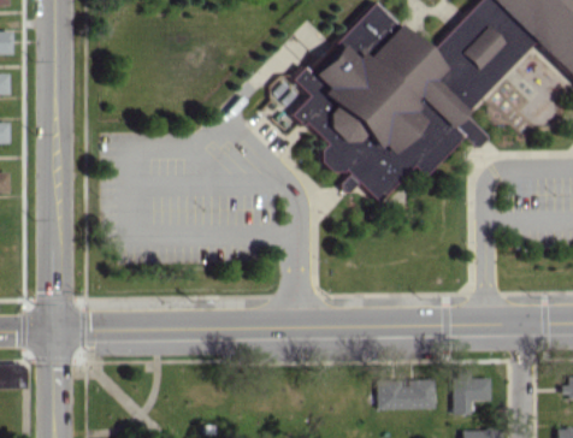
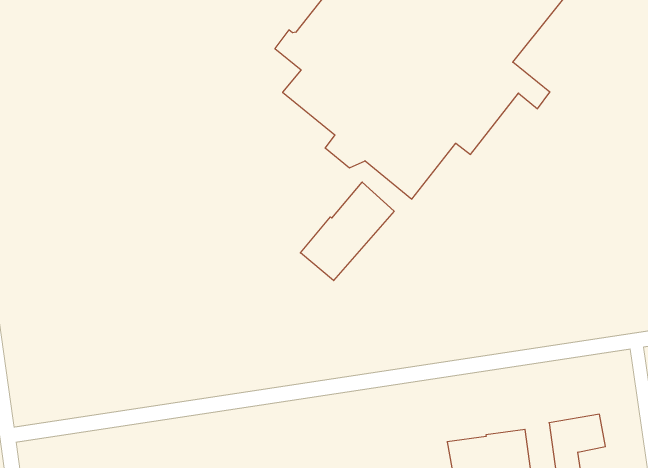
building: none -> [300,182,394,281]

